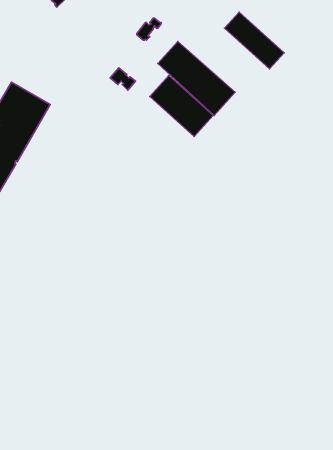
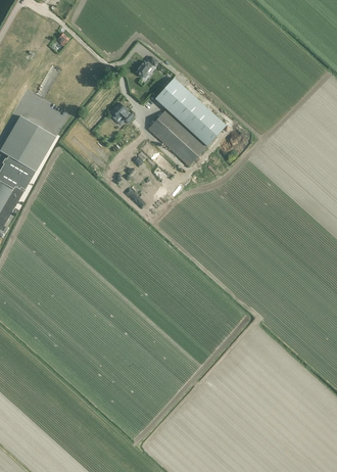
building: [225,12,284,69] -> none

